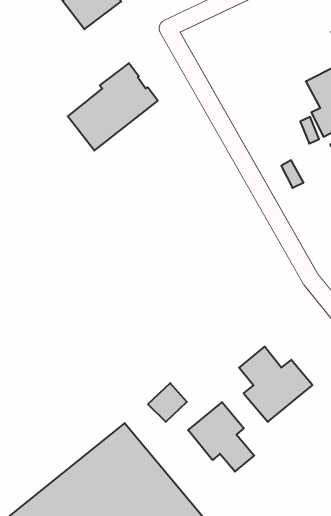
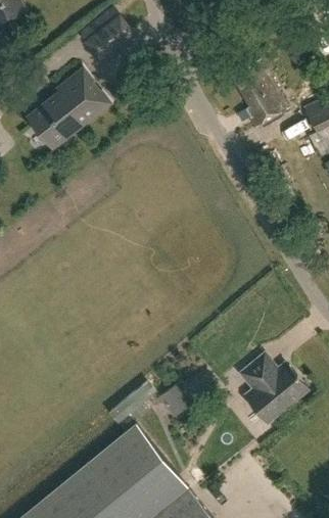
building: none -> [231,60,288,128]
building: [68,63,158,151] -> [27,70,109,151]
building: [188,402,254,472] -> none

